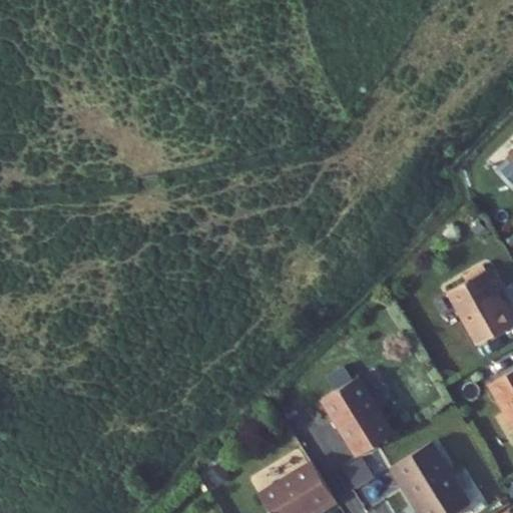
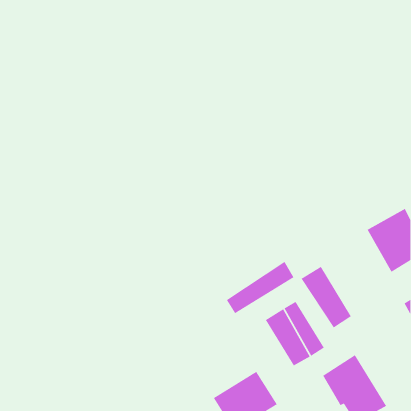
building: none -> [226,261,294,314]
building: none -> [300,266,352,328]

